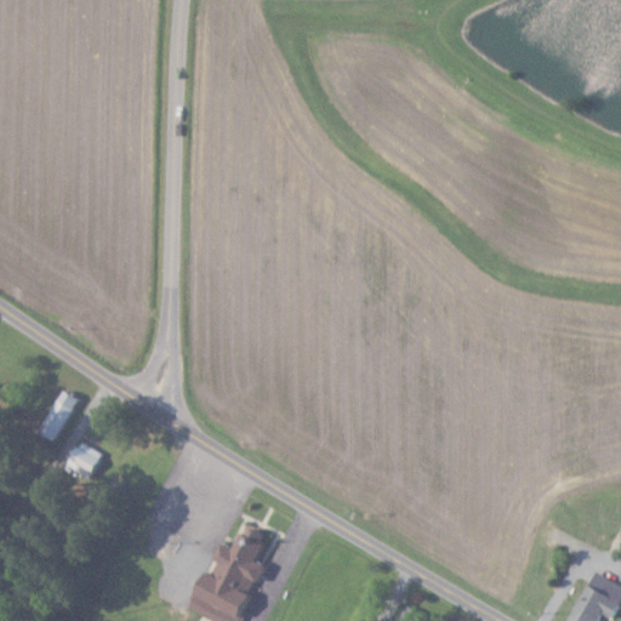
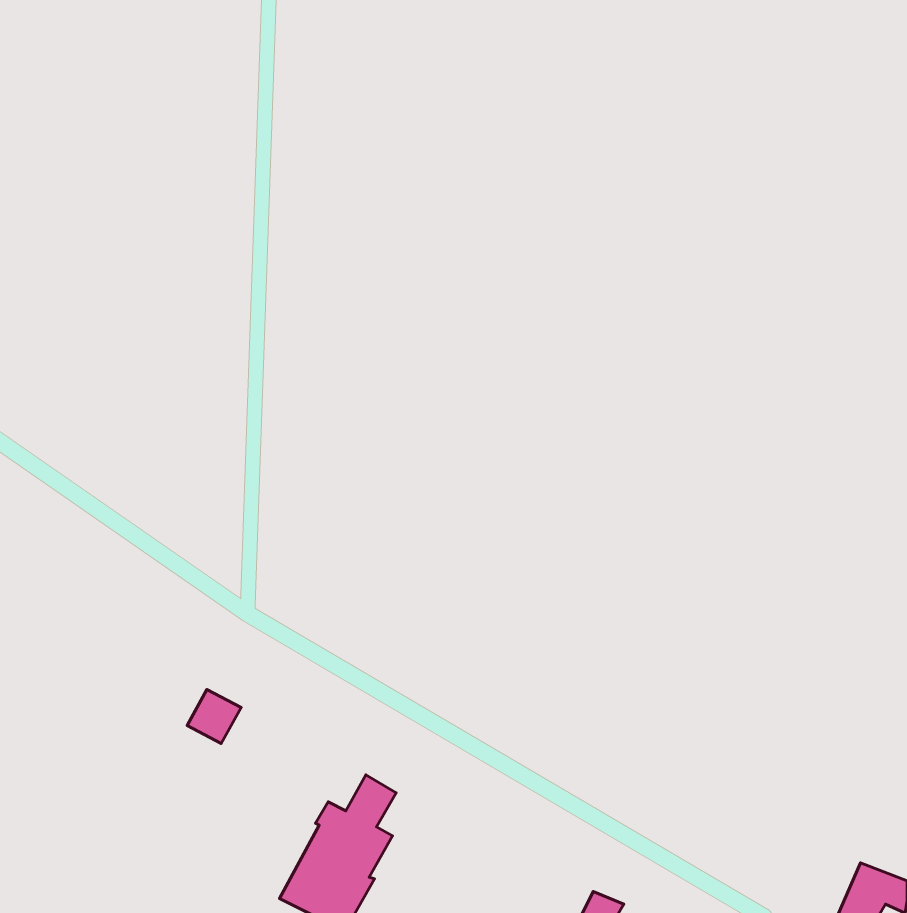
building: [38,391,79,441] -> none
building: [65,443,102,479] -> [187,690,241,743]

